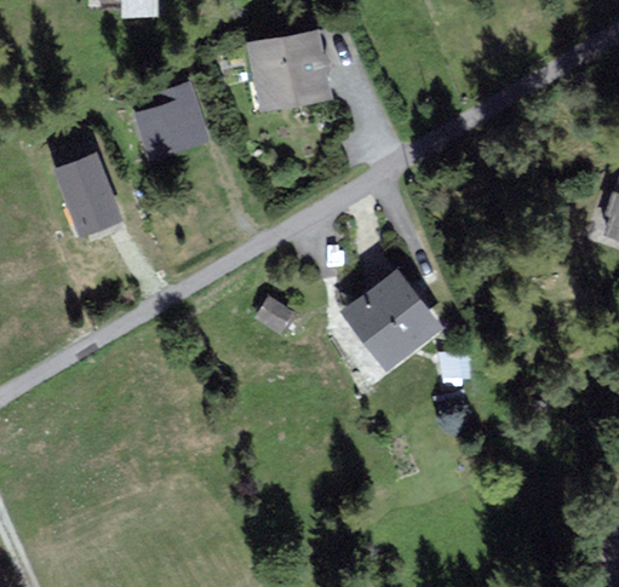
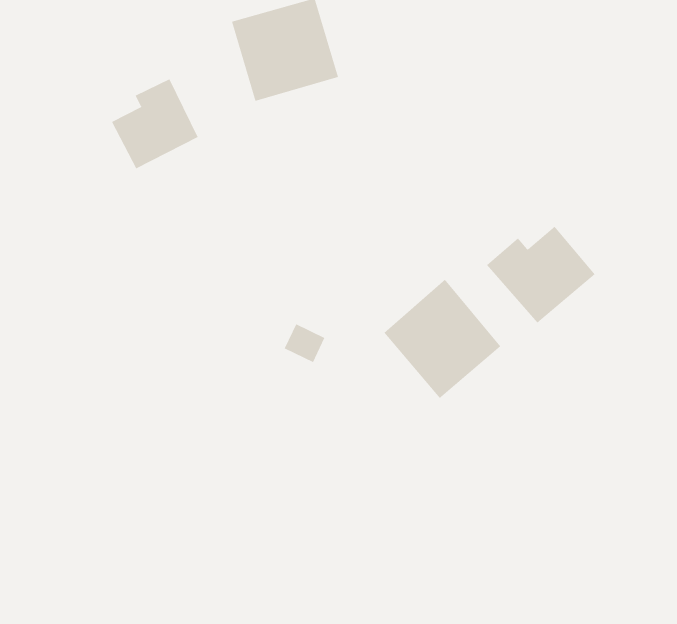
building: [53,152,121,235] -> none
building: none -> [486,226,595,324]

